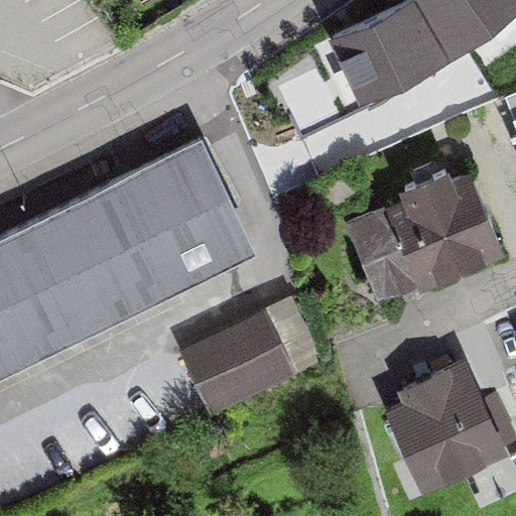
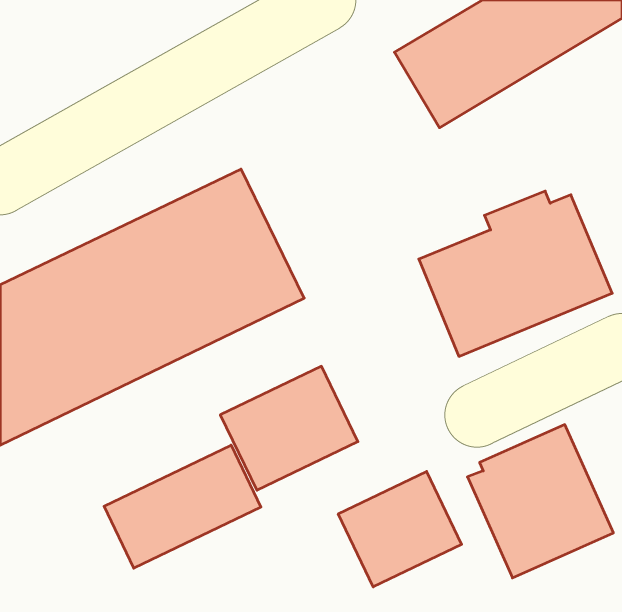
building: none -> [104,445,261,568]
building: none -> [338,471,462,587]

